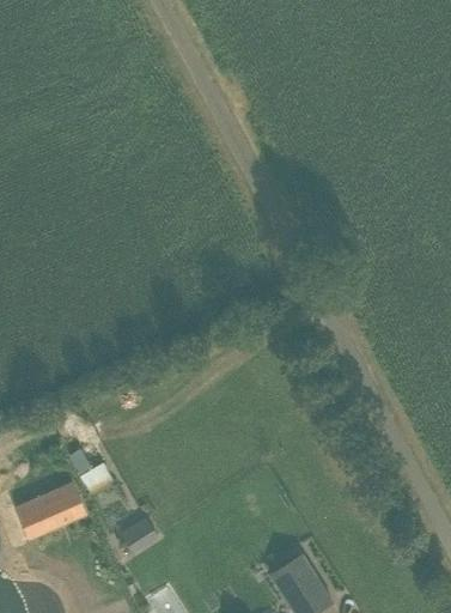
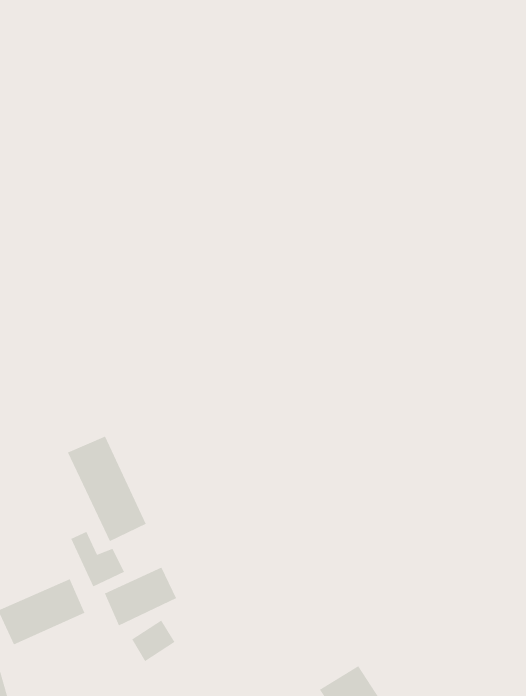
building: none -> [67,435,147,542]
building: none -> [104,566,177,626]

